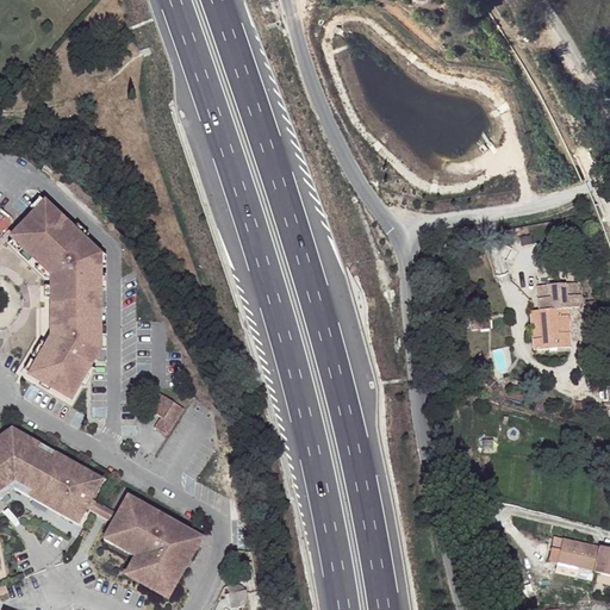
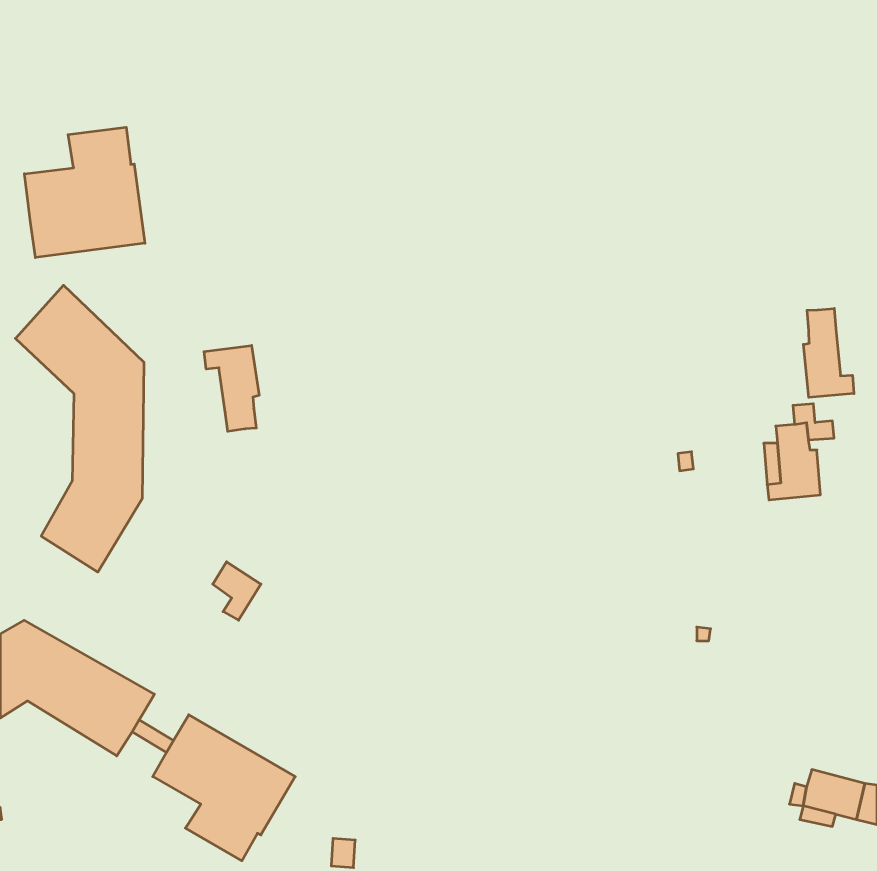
building: none -> [24,127,145,258]
building: none -> [803,308,854,397]
building: none -> [204,345,259,431]

